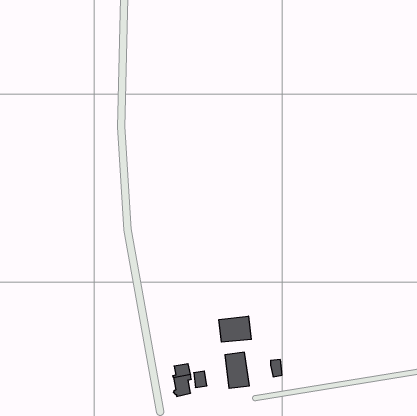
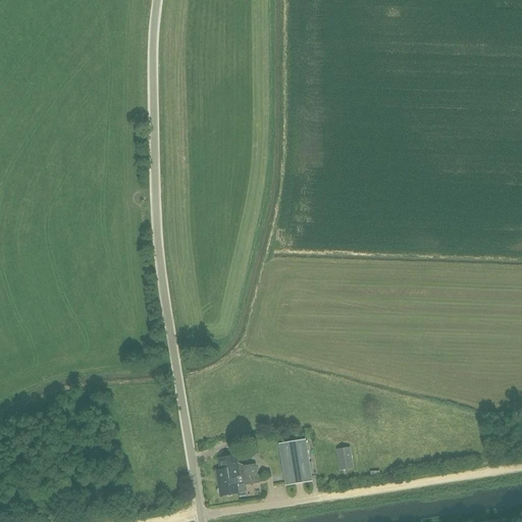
building: [219,316,251,342] -> none

